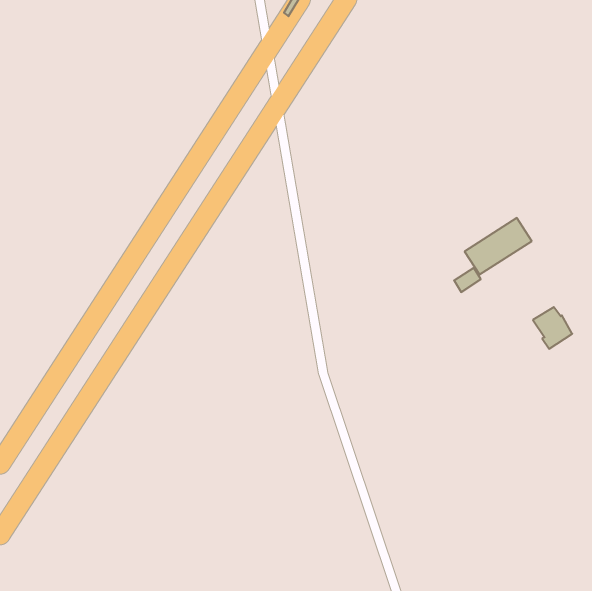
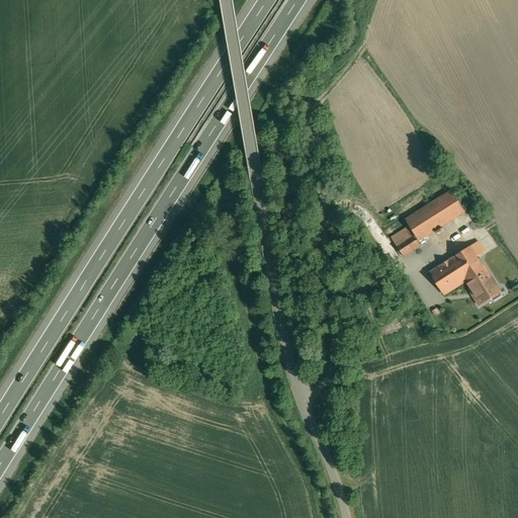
building: none -> [429,246,484,293]

